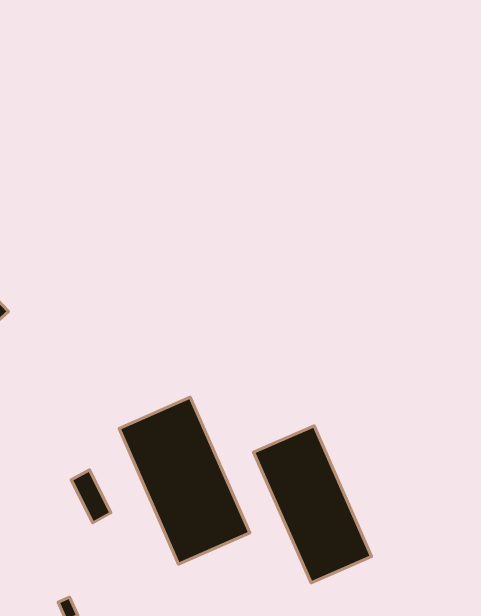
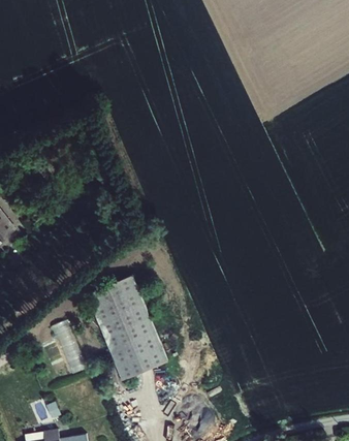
building: [254,426,371,583] -> none

